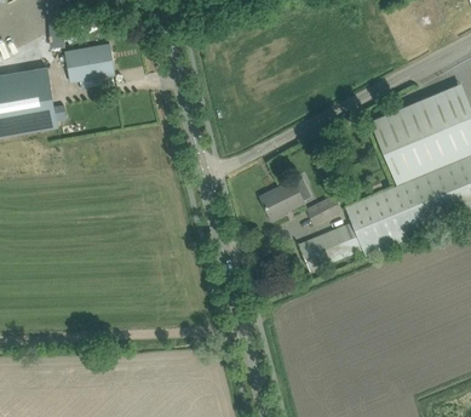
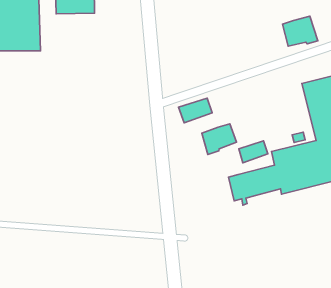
building: none -> [282,16,318,46]
building: none -> [178,98,212,123]

